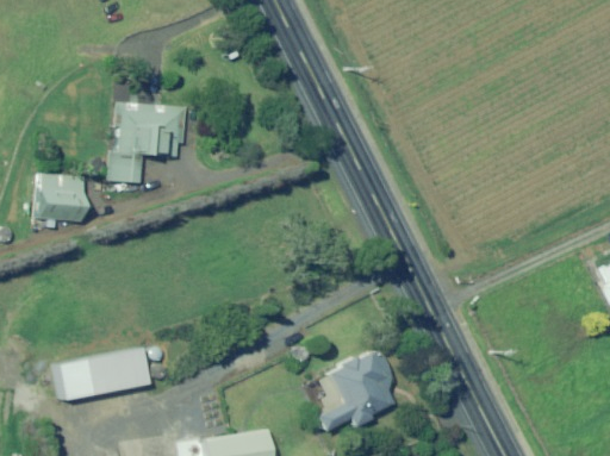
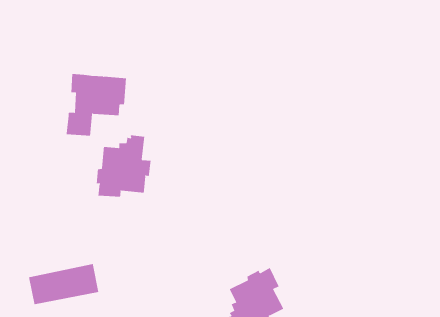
building: [37,173,83,227] -> none
building: none -> [96,135,151,198]

